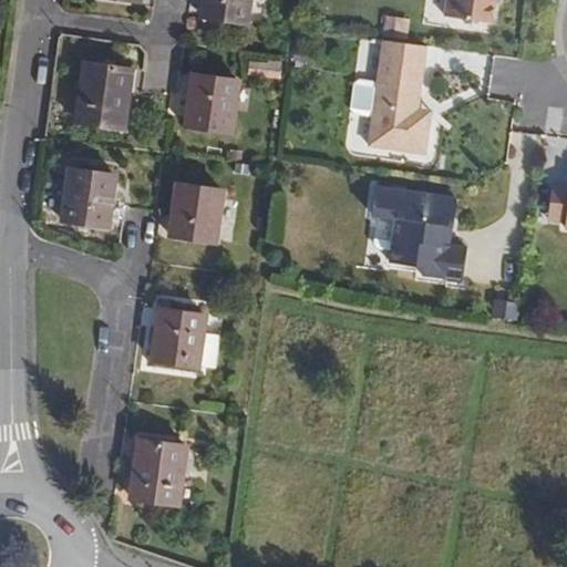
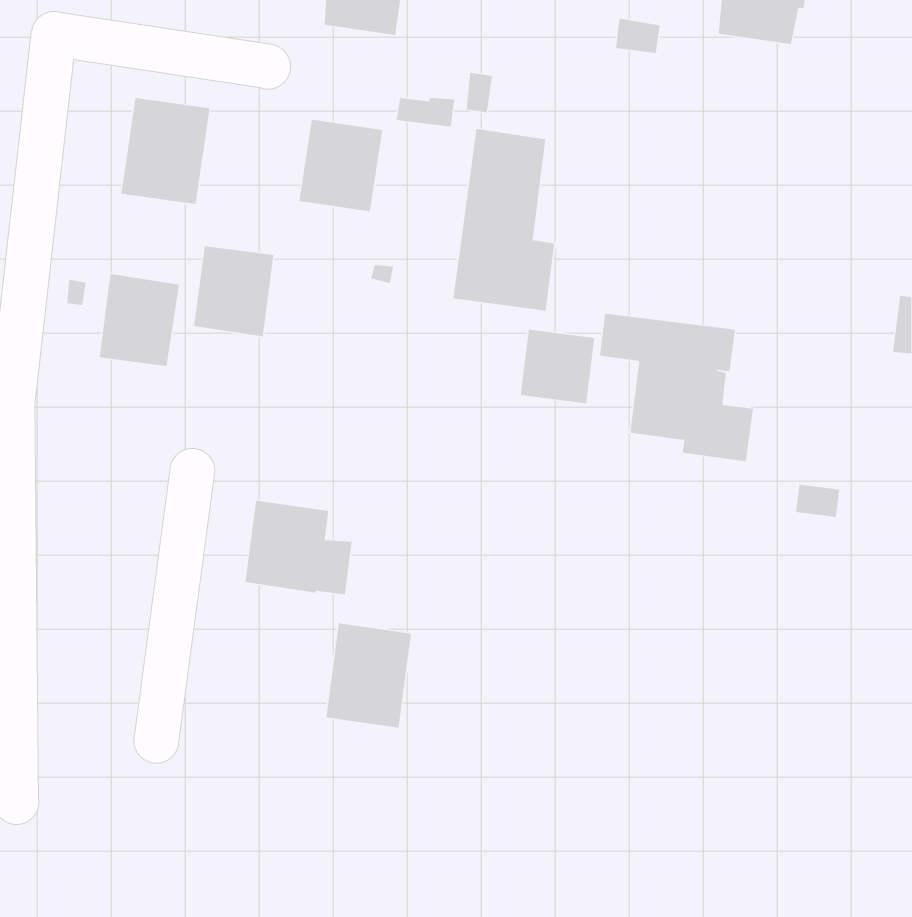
building: [369,38,432,151] -> [452,128,555,312]
building: [175,179,225,236] -> [193,245,274,337]
building: none -> [520,329,595,404]
building: [130,442,183,507] -> [326,622,412,729]

